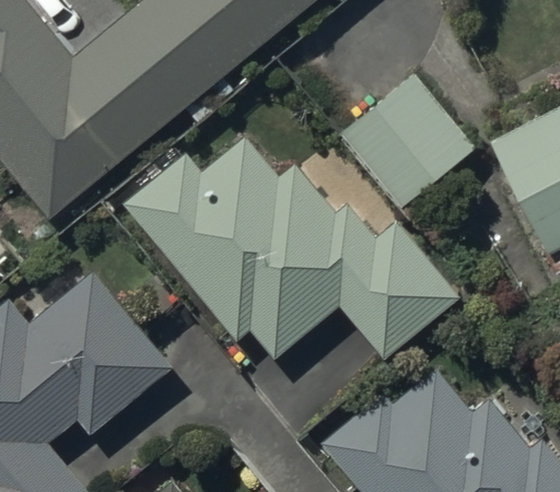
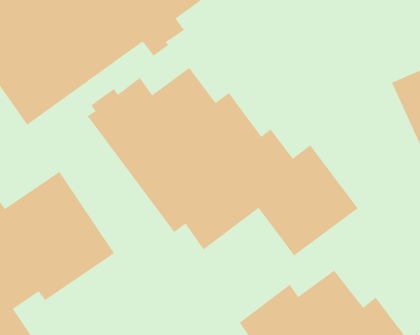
building: [340,74,475,210] -> none

